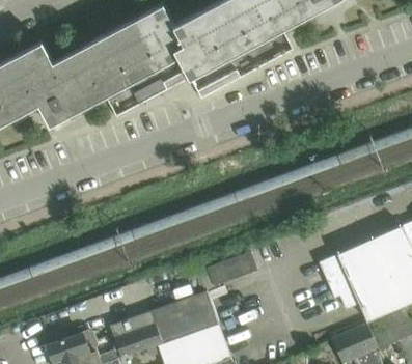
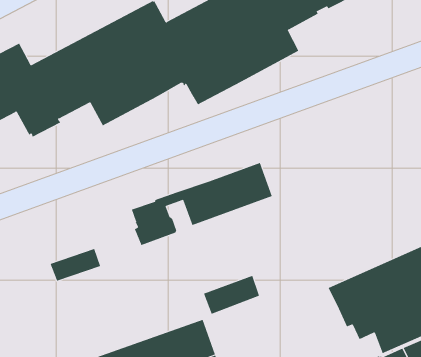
building: none -> [131,162,273,246]
building: none -> [50,248,101,281]

